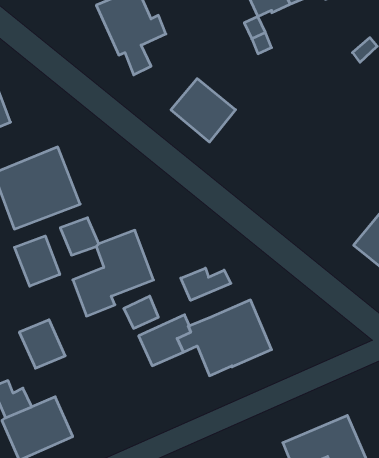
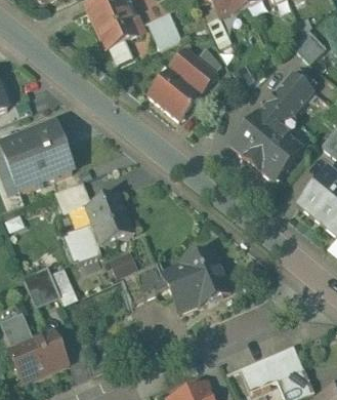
building: none -> [148,11,180,47]
building: none -> [169,46,217,91]
building: none -> [229,71,313,181]
building: [14,236,60,286] -> none
building: [181,268,231,300] -> none

